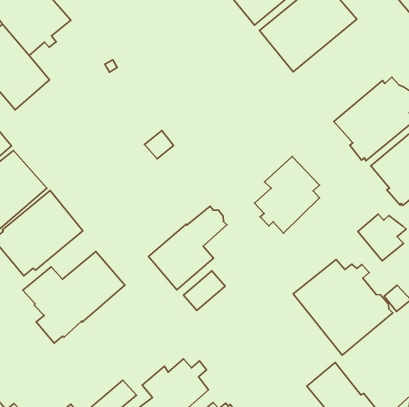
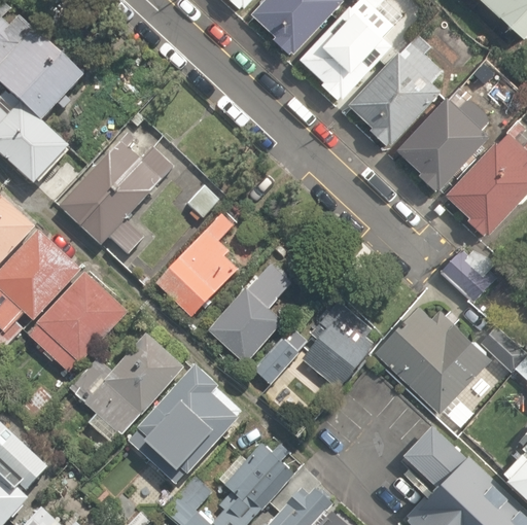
building: none -> [348,34,443,146]
building: none -> [57,132,172,254]
building: none -> [152,213,237,319]
building: [255,156,320,233] -> [301,301,374,389]
building: none -> [128,363,241,483]

